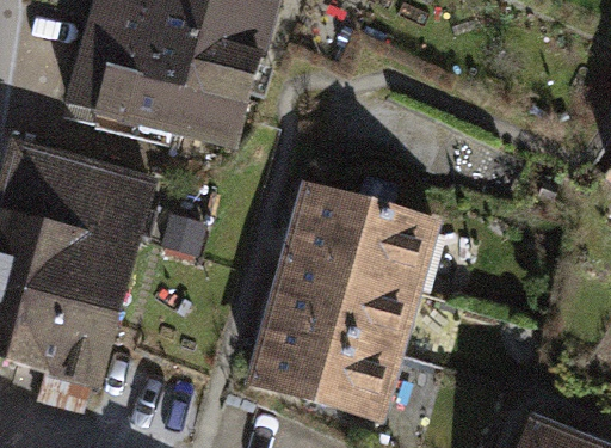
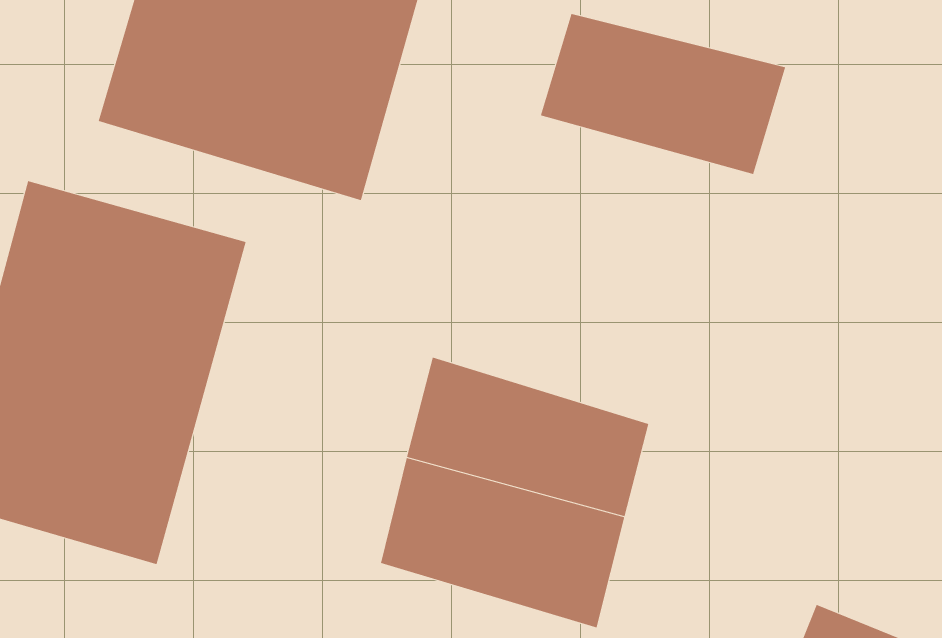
building: none -> [540,13,786,175]
building: [279,180,440,295] -> none

